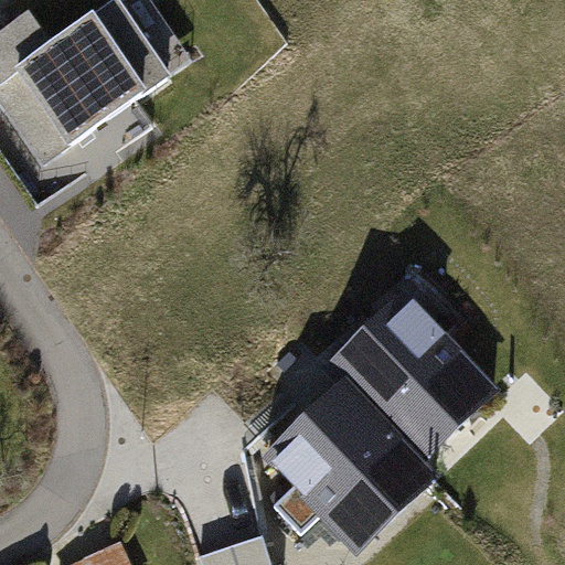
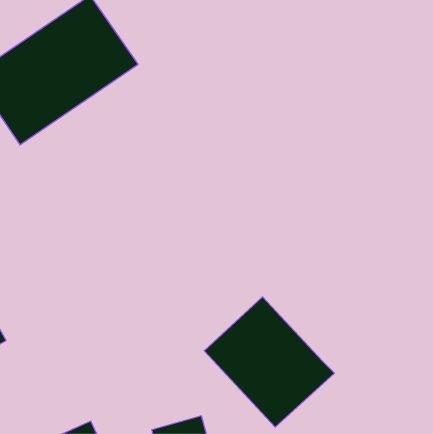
building: [323,291,495,465] -> none

